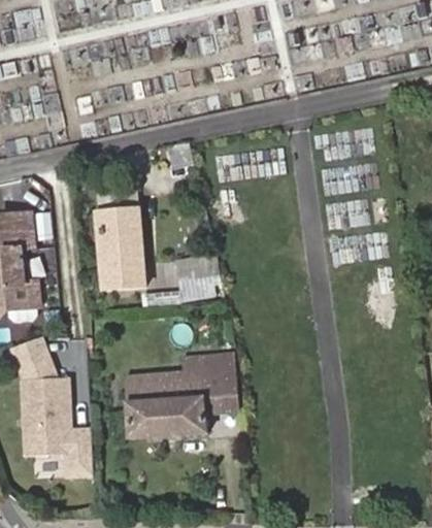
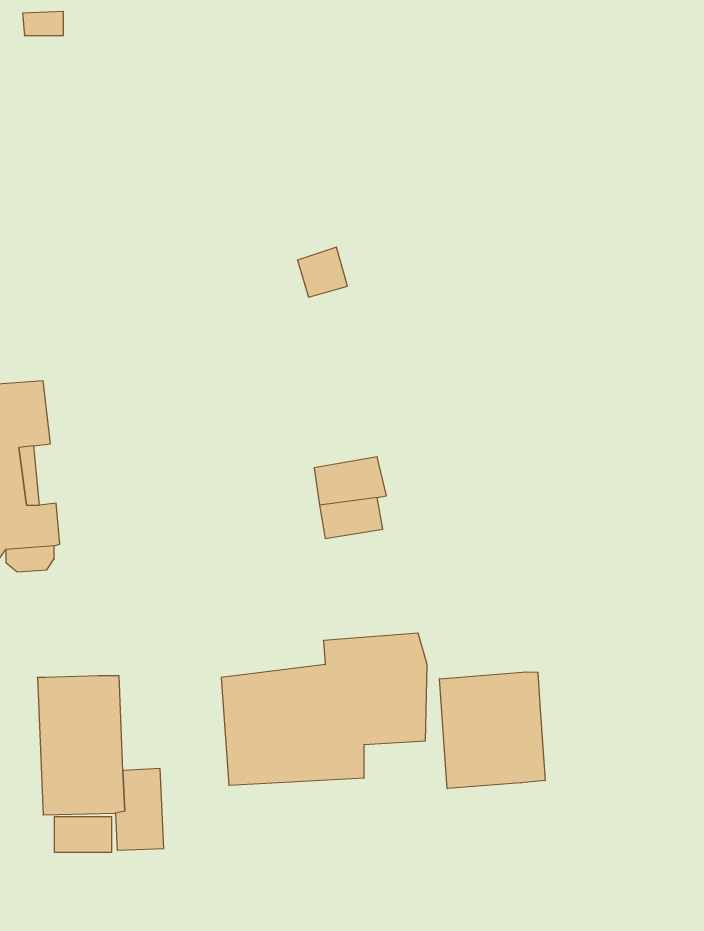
building: [95,208,144,288] -> none
building: [16,335,58,377] -> none
building: none -> [440,672,545,789]

